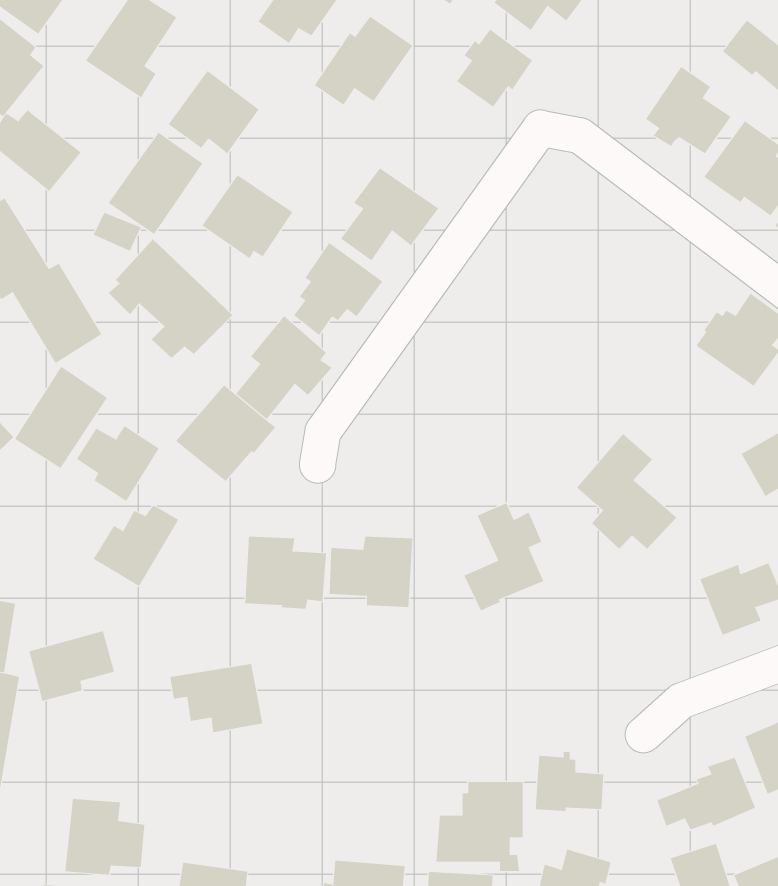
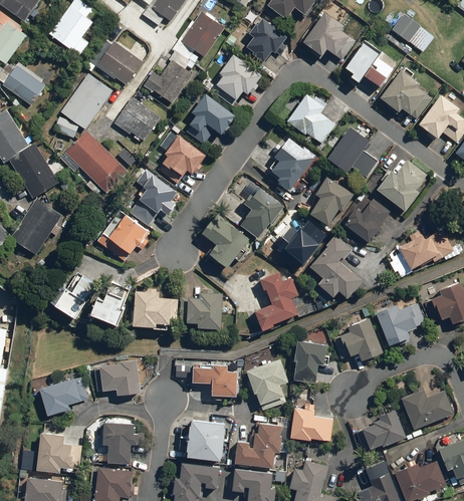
building: none -> [301,11,354,57]
building: none -> [141,51,193,105]
building: none -> [213,53,262,107]
building: none -> [285,92,335,144]
building: none -> [328,128,378,179]
building: none -> [268,138,315,190]
building: none -> [308,175,355,227]
building: none -> [239,184,285,239]
building: none -> [346,205,381,240]
building: none -> [201,214,249,268]
building: none -> [275,225,322,266]
building: [76,425,160,502] -> none
building: none -> [93,285,131,323]
building: none -> [340,318,383,359]
building: none -> [293,341,326,383]
building: [29,631,115,702] -> [41,377,87,415]
building: none -> [246,359,289,412]
building: none -> [193,364,238,396]
building: none -> [191,419,228,459]
building: none -> [102,421,143,463]

